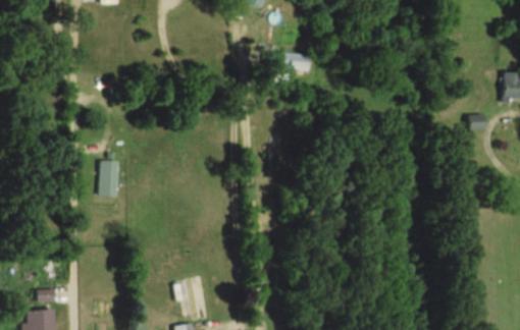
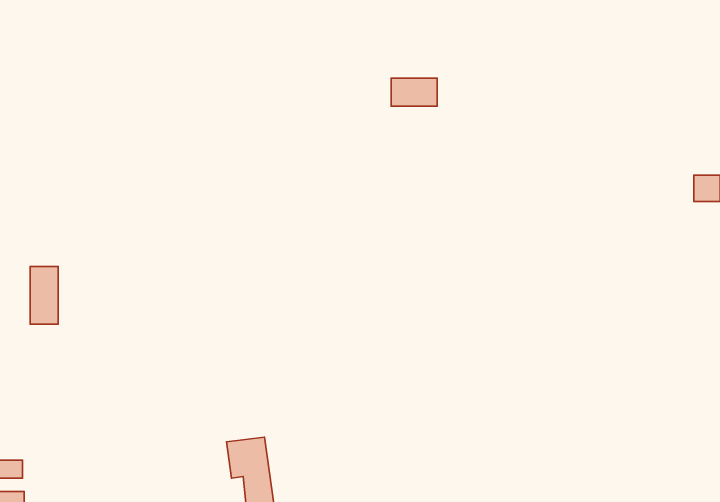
building: [100,160,117,196] -> [30,267,58,324]

